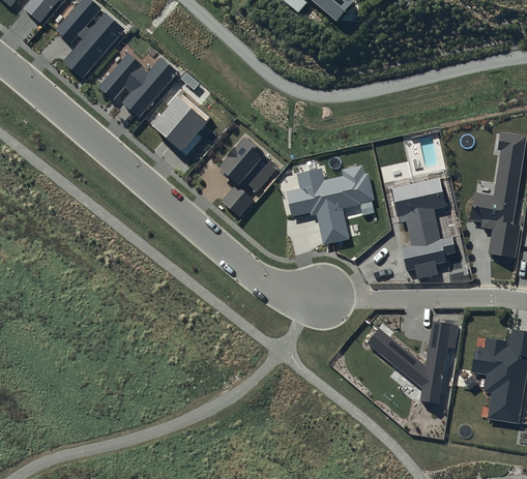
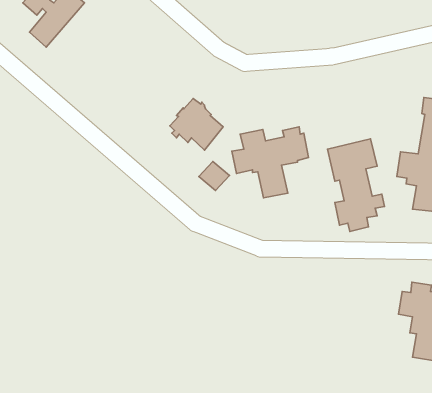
building: [98,52,178,116] -> none
building: [151,93,209,157] -> none
building: [221,184,255,216] -> [199,162,230,191]
building: [367,323,459,407] -> none

